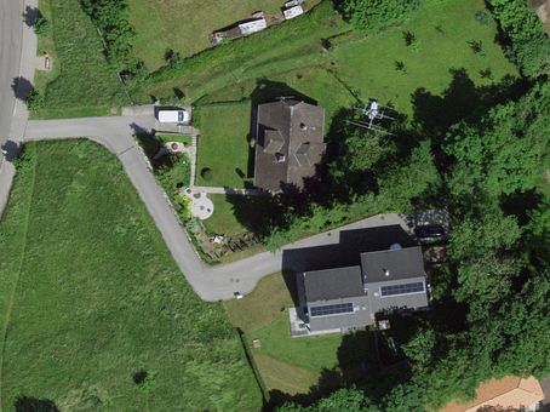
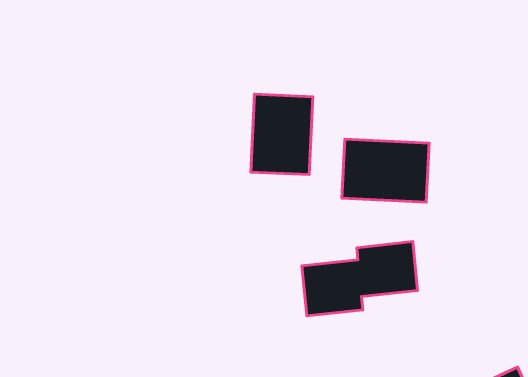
building: none -> [342,139,429,202]

